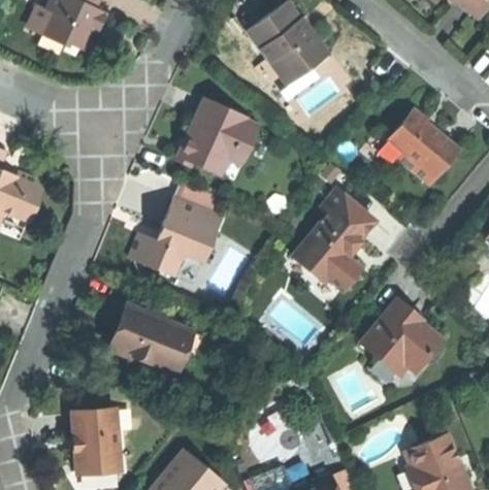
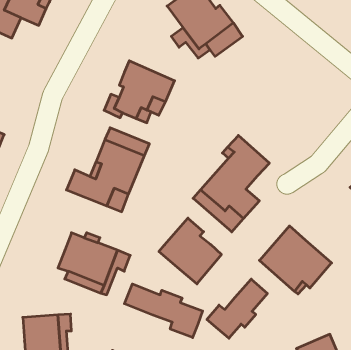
building: [388,108,460,183] -> none
building: none -> [159,218,221,284]
building: none -> [207,279,267,338]
building: none -> [124,284,203,338]

